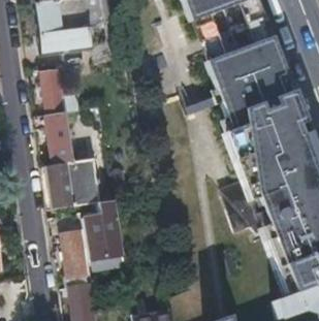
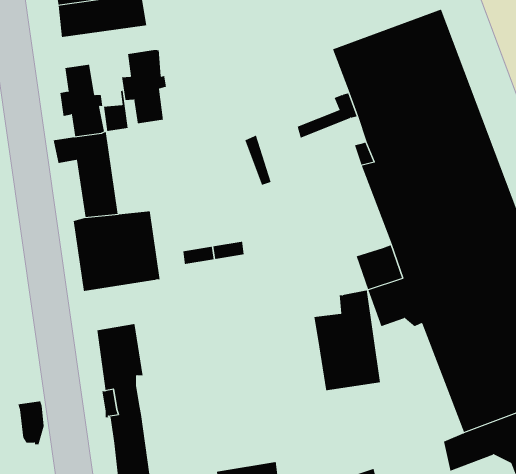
building: none -> [122,49,166,124]
building: [83,198,124,260] -> [314,290,381,391]

